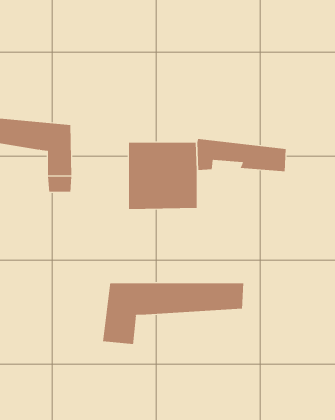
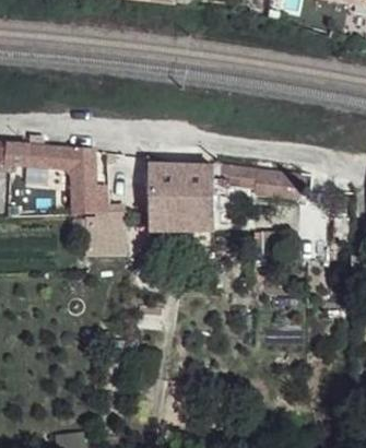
building: [102,282,244,345] -> none

